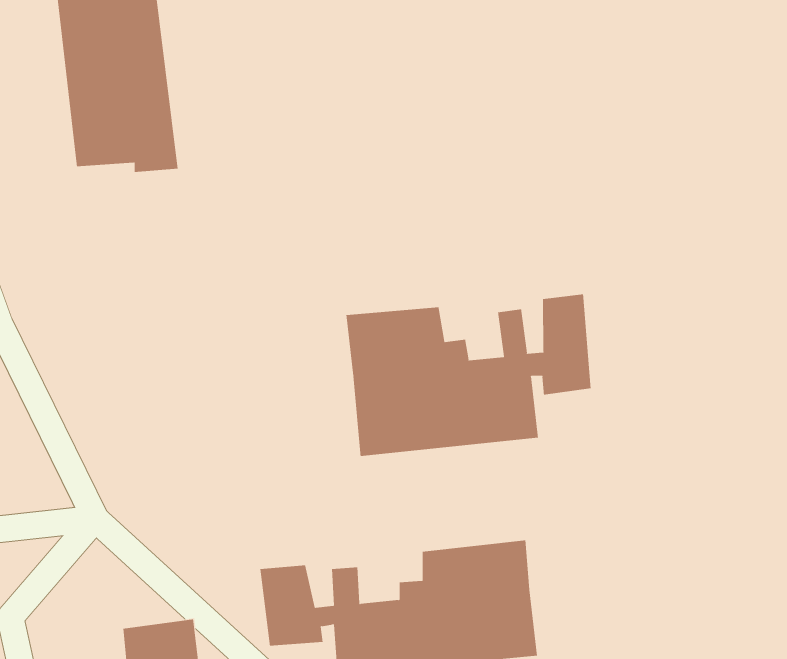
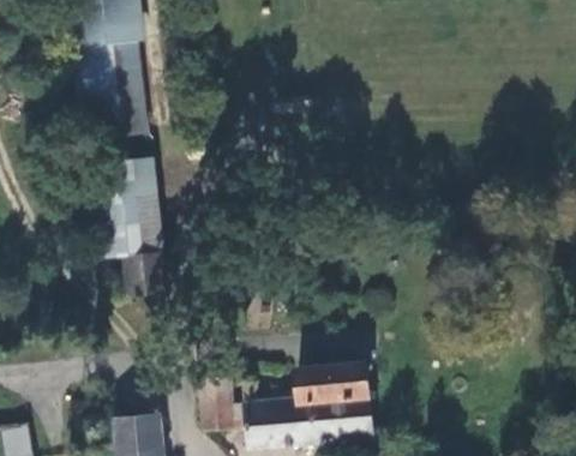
building: none -> [89,160,169,292]
building: [346,293,591,457] -> none

